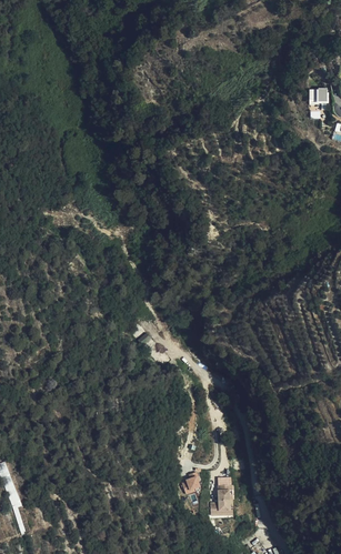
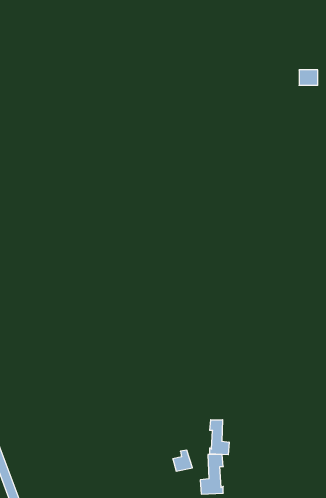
building: none -> [210,420,229,455]

